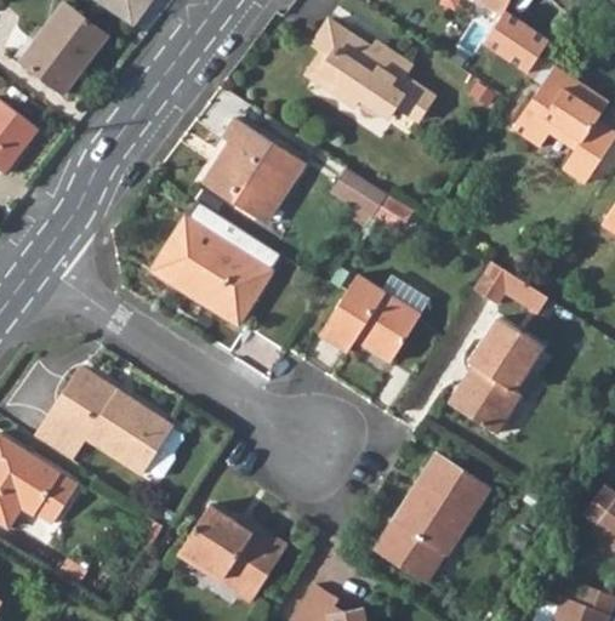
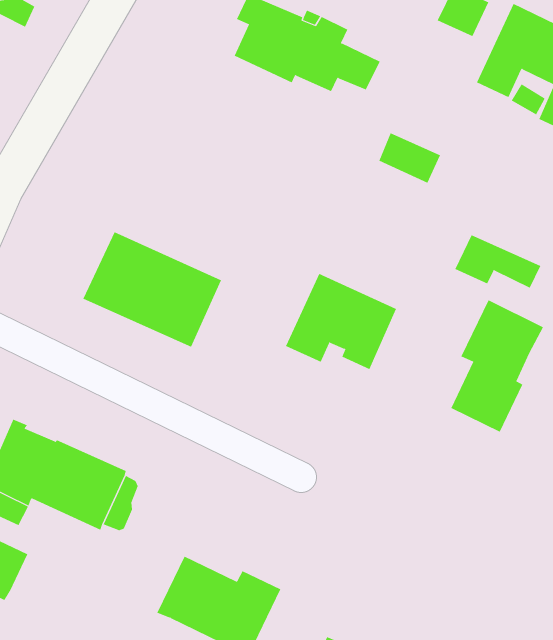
building: [204,120,306,221] -> none
building: [334,170,388,218] -> [378,133,441,184]
building: [374,452,490,582] -> none

